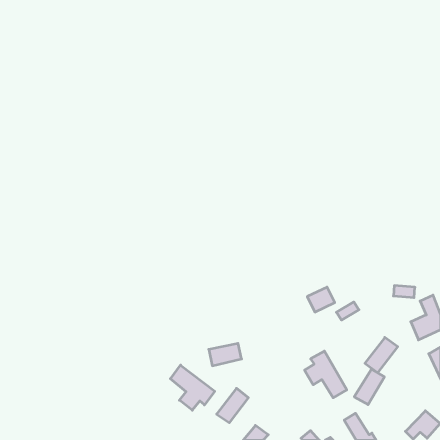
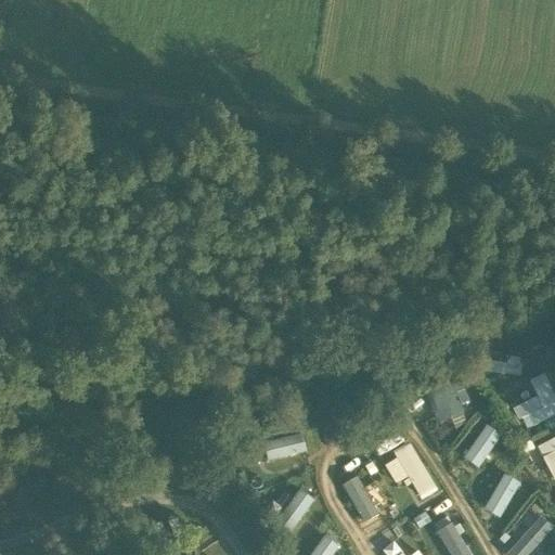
building: [307,287,335,312] -> [429,391,464,423]
building: [170,365,215,410] -> none
building: [354,369,384,405] -> [481,473,519,517]
building: none -> [341,474,377,521]

